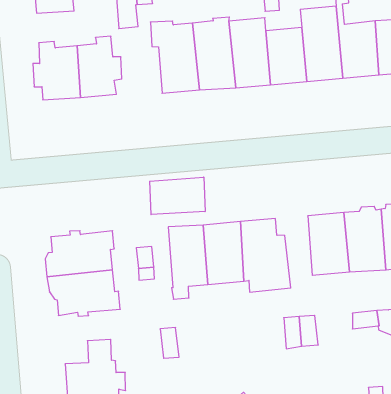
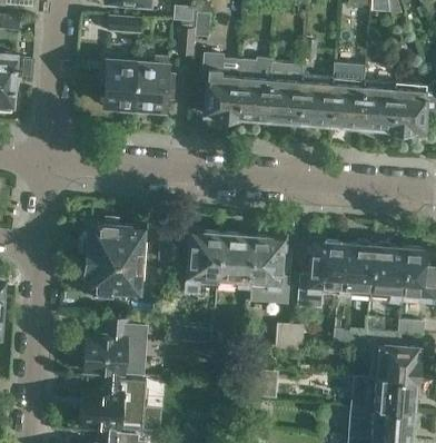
building: [150,177,205,215] -> none

